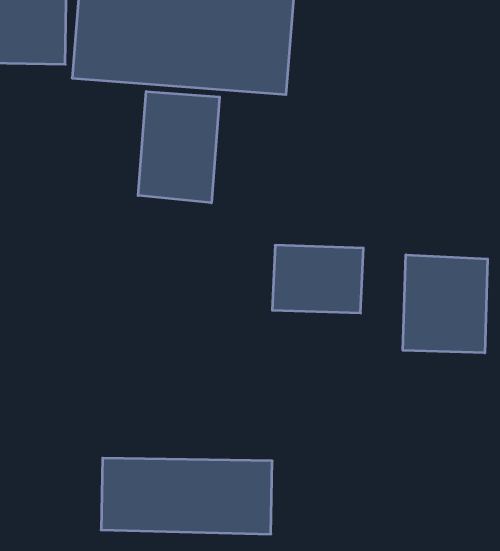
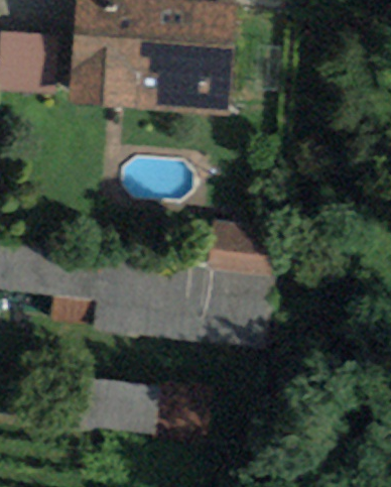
building: [138,91,220,203] -> none
building: [403,255,488,353] -> none

